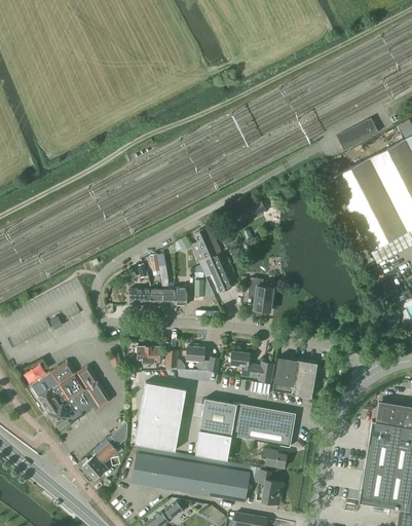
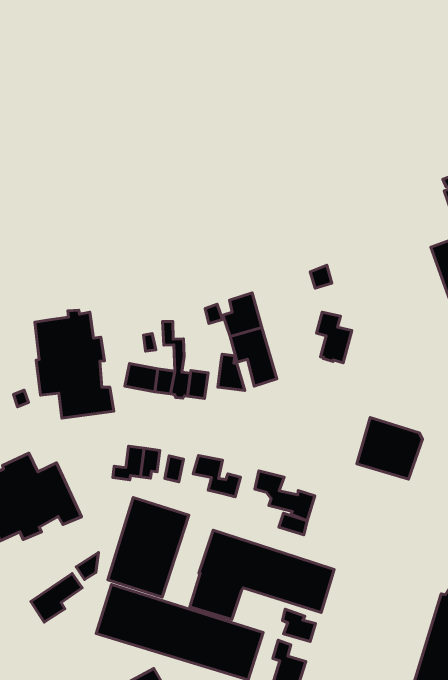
building: none -> [35,310,114,418]
building: [249,278,273,312] -> [316,312,352,363]
building: [273,358,317,398] -> [357,418,423,479]

